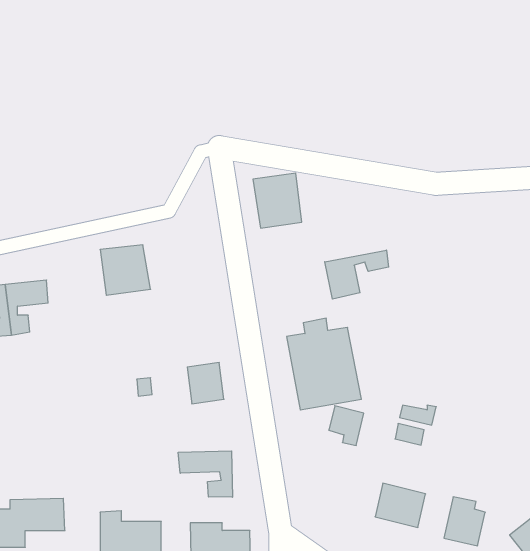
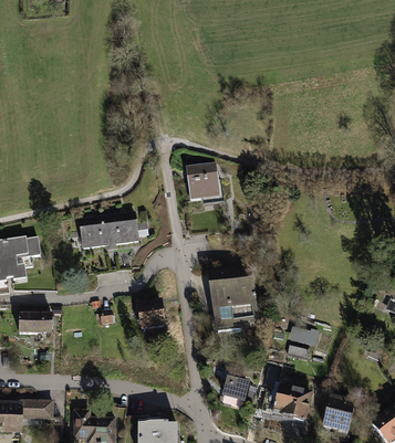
building: none -> [104,209,150,245]
building: [325,250,389,299] -> none
building: none -> [18,312,49,340]
building: [329,406,364,445] -> [220,378,246,407]
building: [178,451,232,497] -> none

